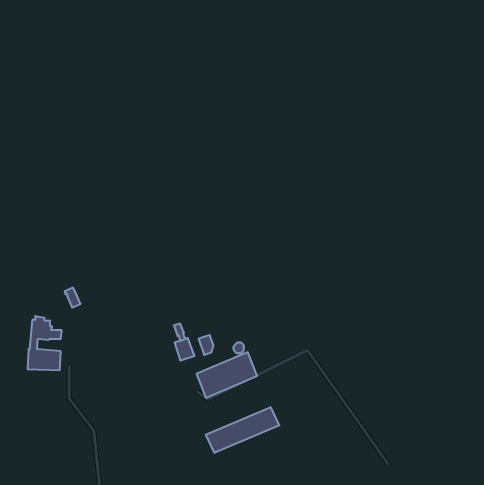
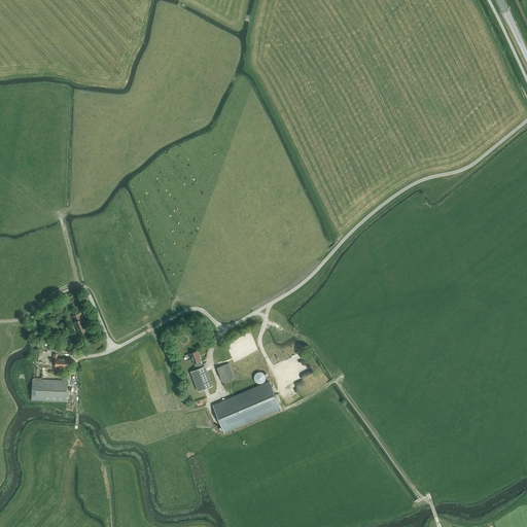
building: [206,407,279,453] -> none

